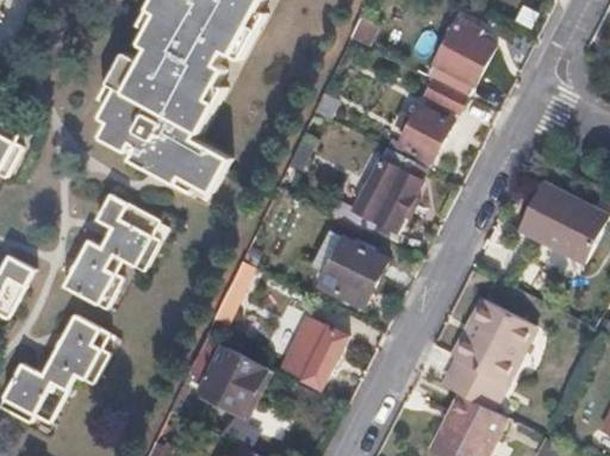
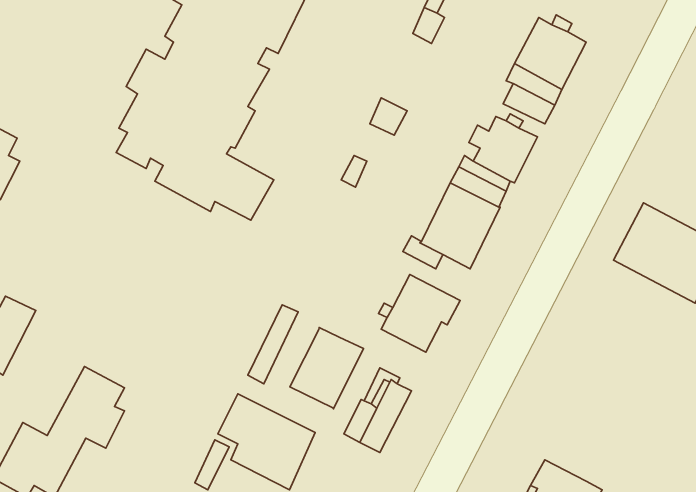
building: [63,193,162,306] -> none
building: none -> [290,327,364,409]
building: [443,298,536,411] -> none

